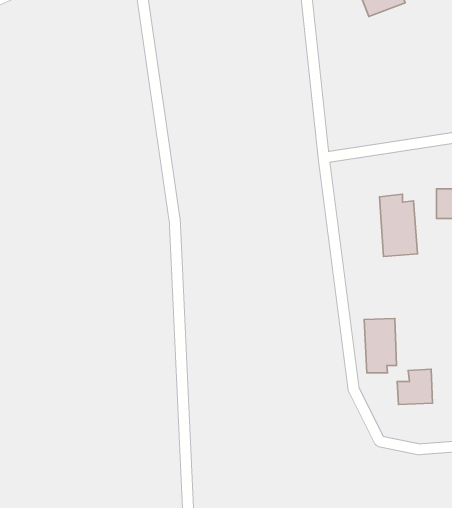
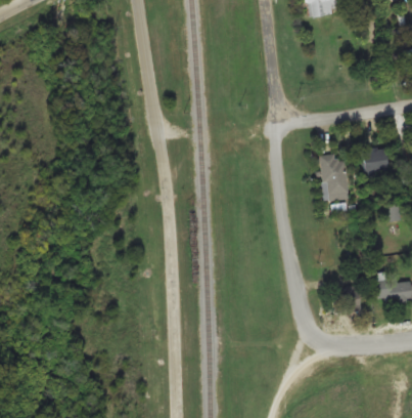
building: [364,318,397,373] -> none

